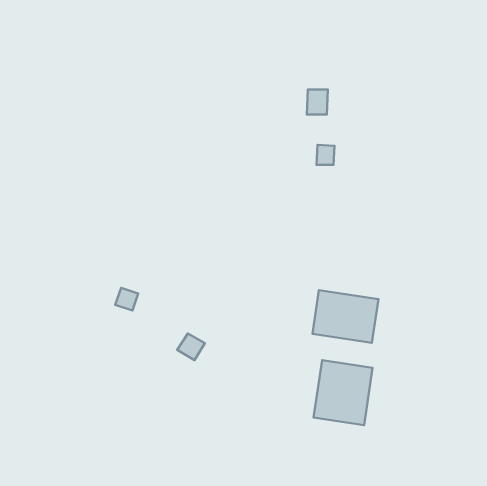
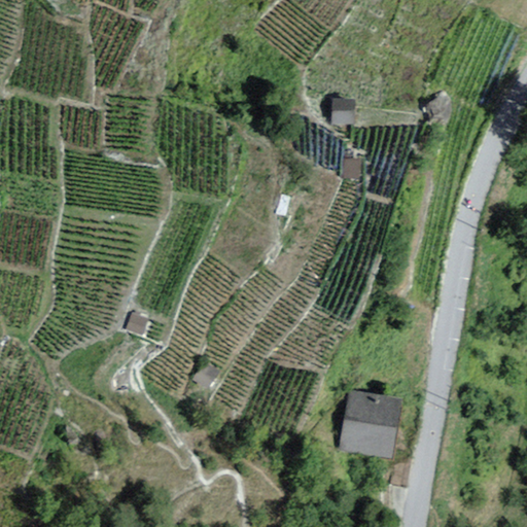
building: [312,290,378,343] -> none

